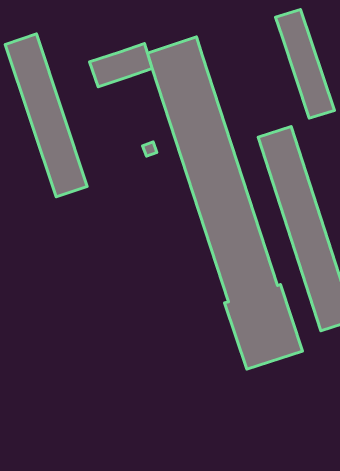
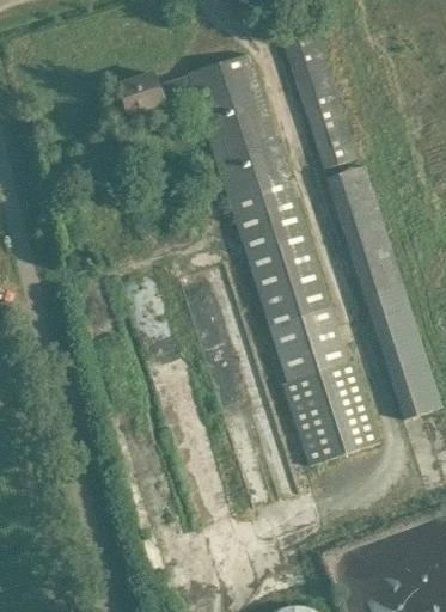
building: [276,9,334,118] -> [285,33,358,169]
building: [5,34,87,197] -> none

